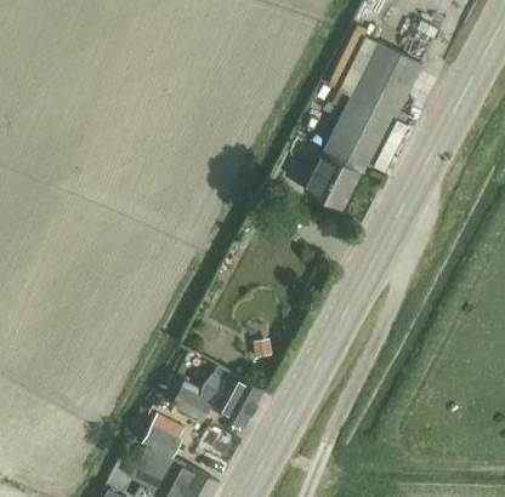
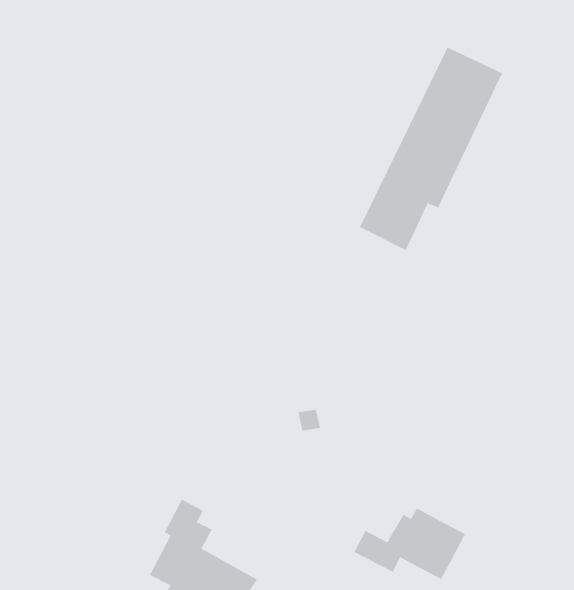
building: [171,366,265,425] -> [353,508,466,580]

